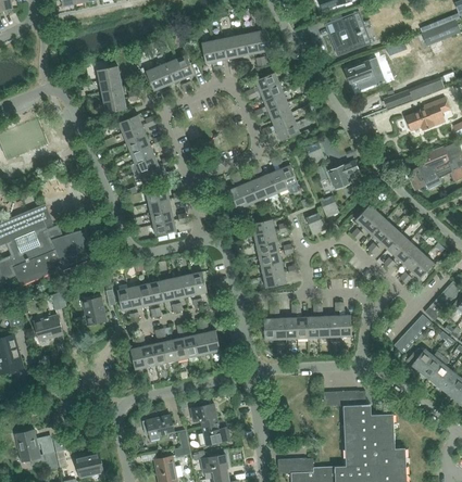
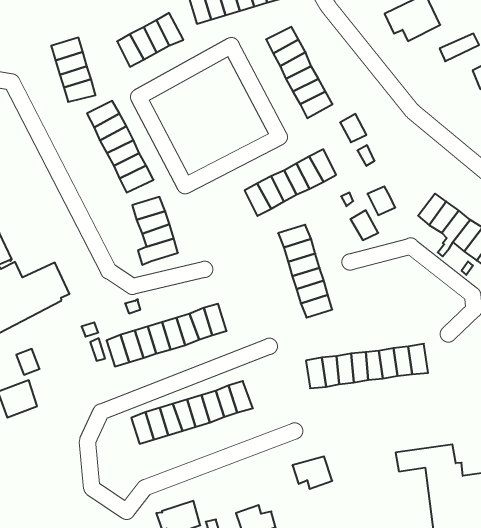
building: [327,161,358,190] -> none
building: [82,296,105,325] -> none
building: [189,404,217,427] -> [292,456,332,489]

